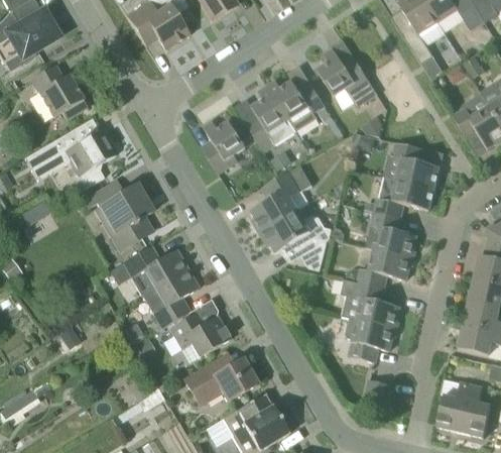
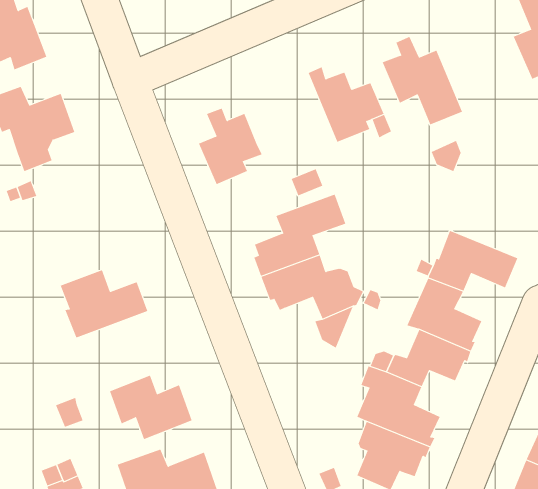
building: [247,86,295,144] -> none
building: [383,142,439,188] -> none
building: [94,184,152,245] -> none
building: [142,268,198,328] -> none

